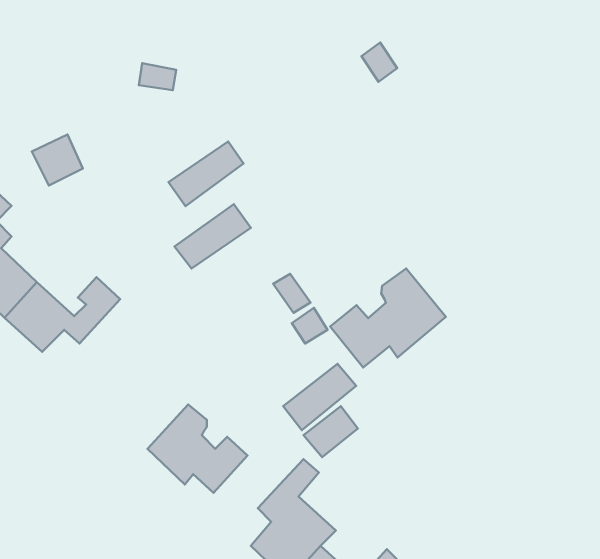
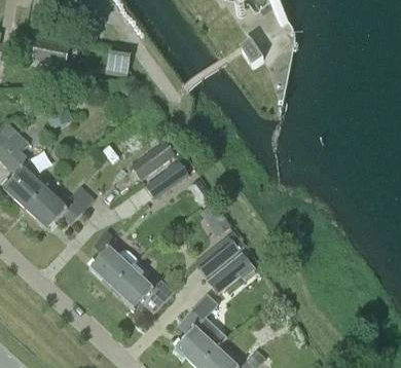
building: none -> [32,37,69,64]
building: [169,141,243,206] -> [142,159,187,198]
building: [330,268,446,368] -> none
building: none -> [88,230,138,288]

